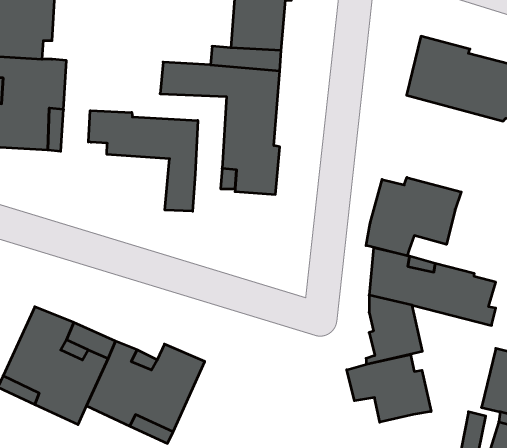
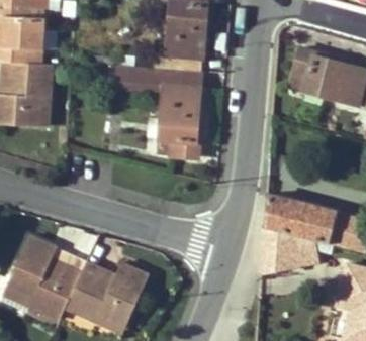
building: [88,111,198,211] -> none
building: [366,177,461,256] -> none
building: [347,355,431,422] -> none

